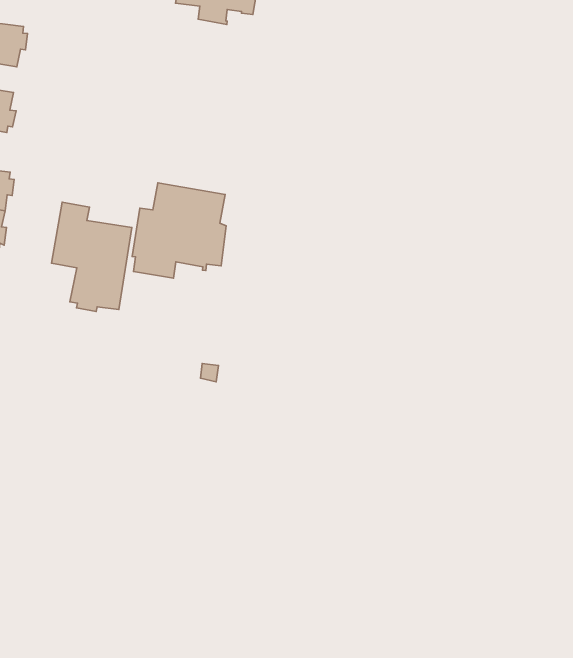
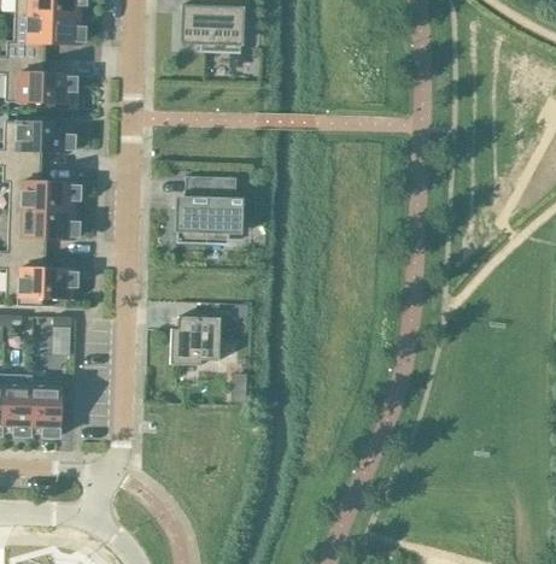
building: [52,202,132,311] -> none
building: none -> [170,316,221,365]

